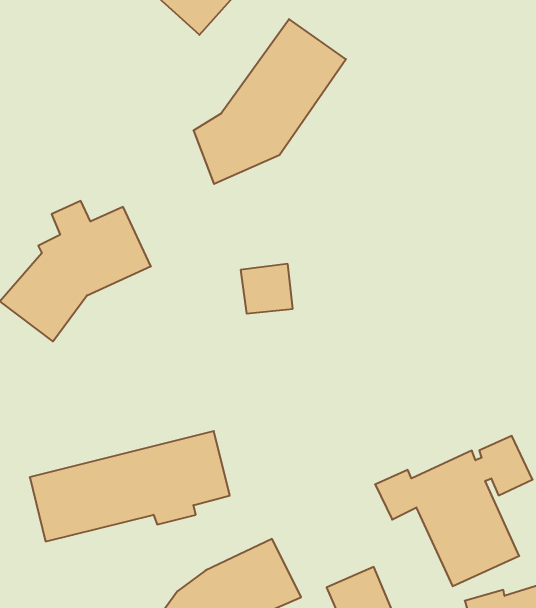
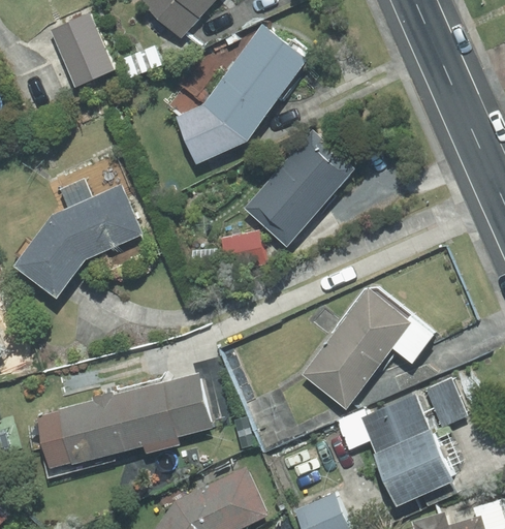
building: none -> [32,12,115,94]
building: none -> [242,129,356,248]
building: none -> [298,283,435,410]

